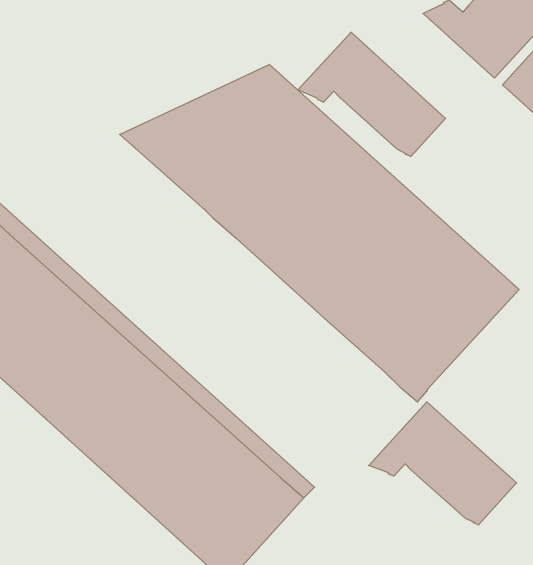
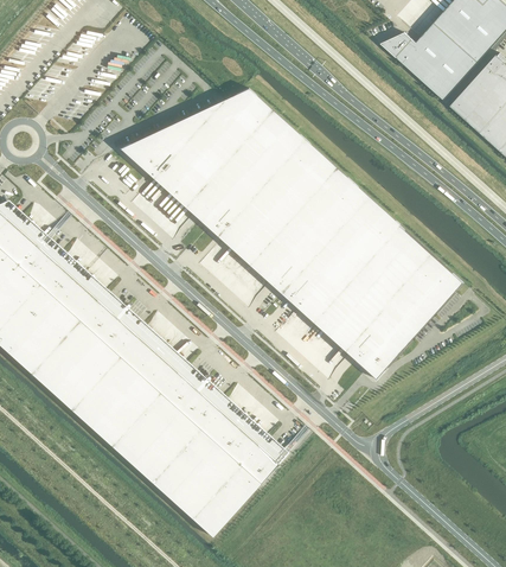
building: [298,32,446,157] -> none
building: [369,402,517,525] -> none

